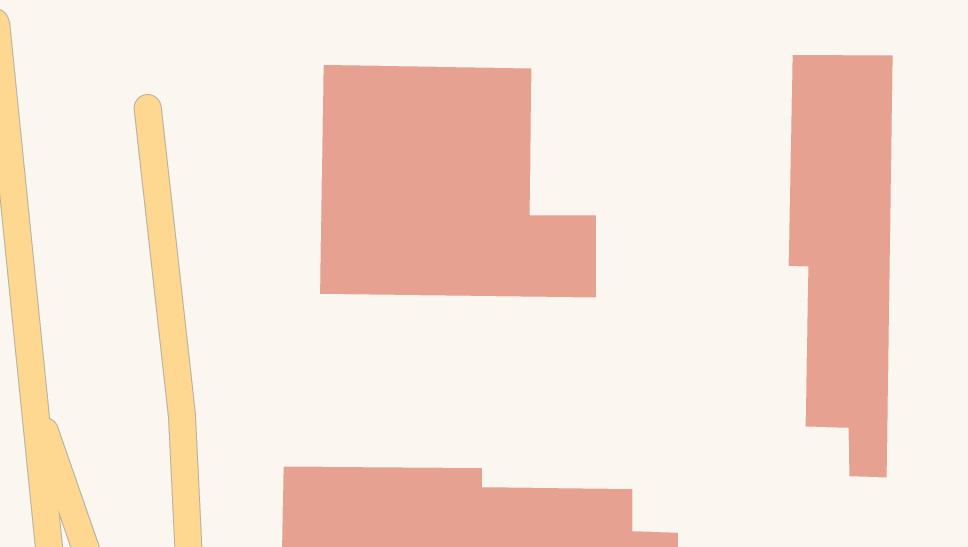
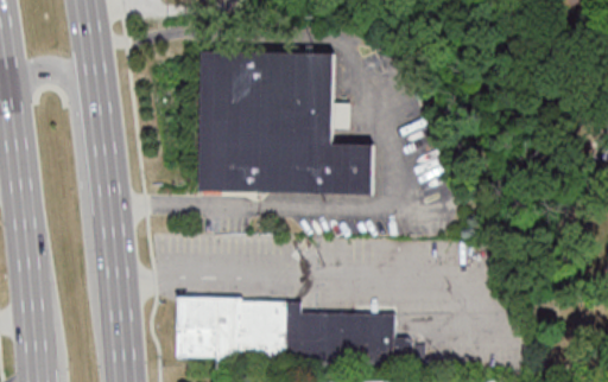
building: [788,54,893,478] -> none

